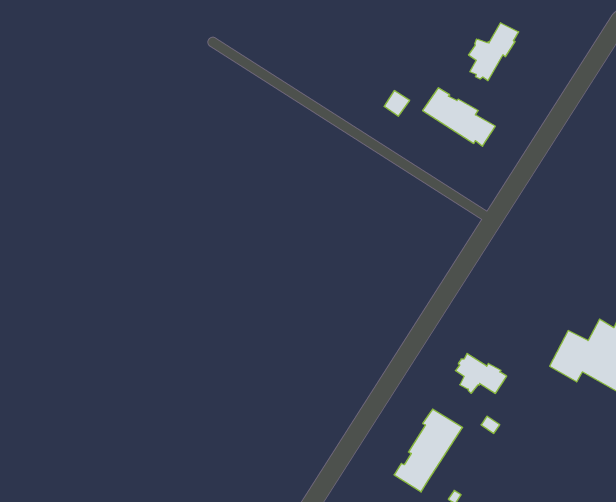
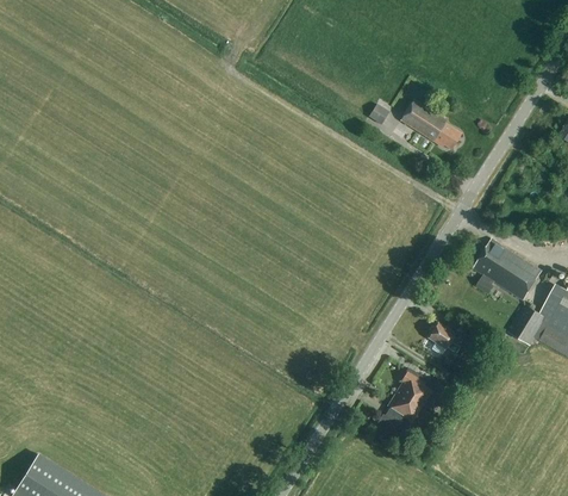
building: [469,23,519,81] -> none
building: none -> [474,240,542,300]

